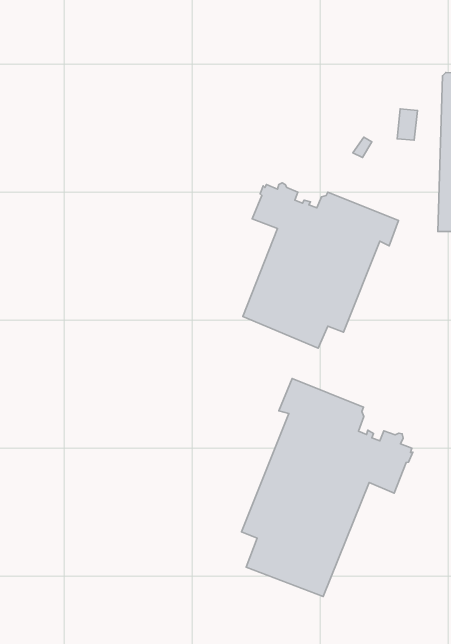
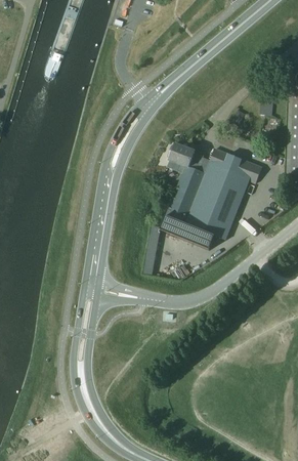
building: [241,379,413,596] -> none

